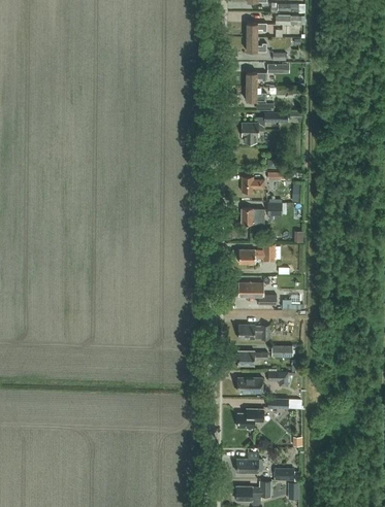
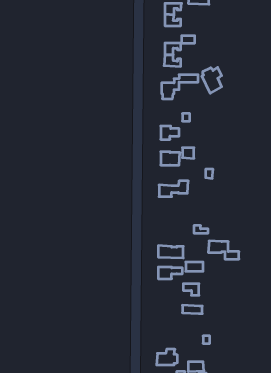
building: none -> [202,67,222,93]
building: [237,281,276,304] -> [208,241,239,259]
building: [236,377,262,392] -> none
building: [236,408,263,428] -> none

